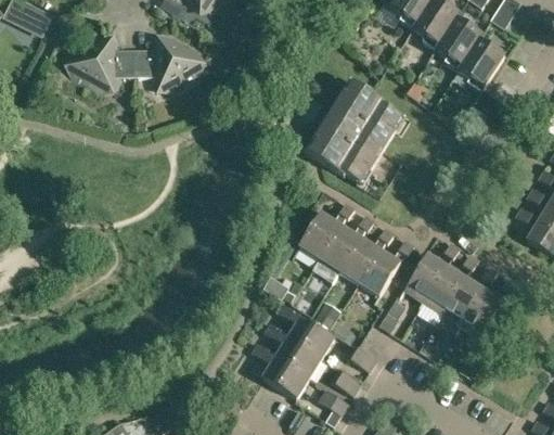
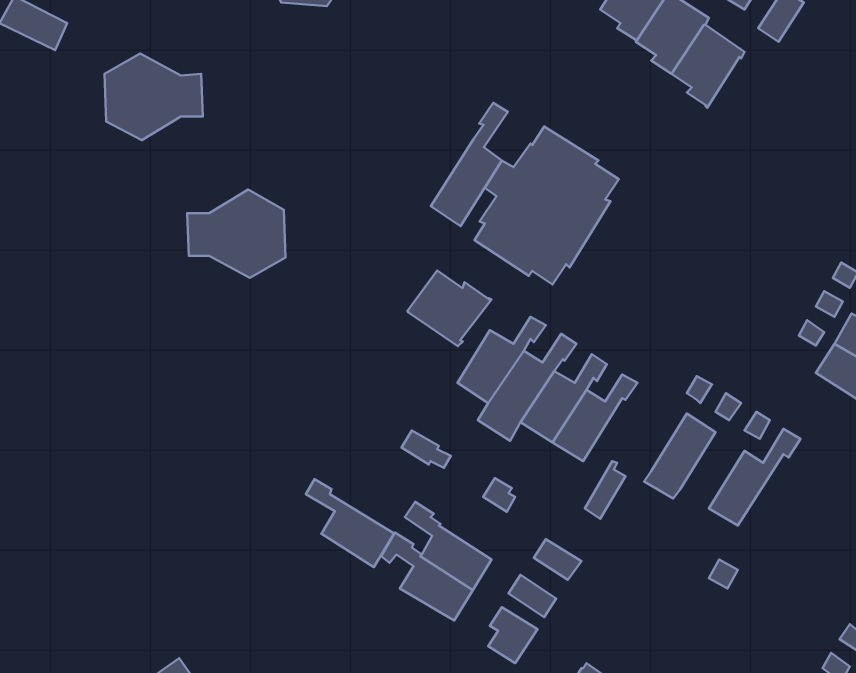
building: [134,34,197,90] -> [187,189,286,278]
building: [458,38,504,92] -> none
building: none -> [431,103,508,226]
building: none -> [408,270,491,346]
building: [403,255,445,303] -> none
building: [440,278,481,327] -> none
building: [276,303,333,359] -> [306,479,394,567]

